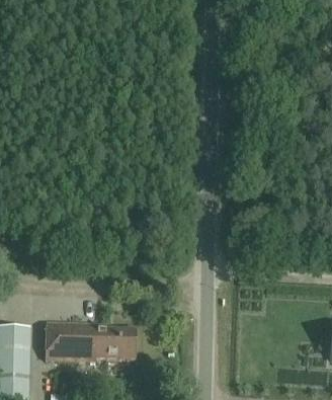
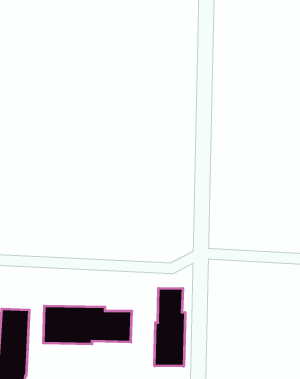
building: none -> [155,288,185,366]

